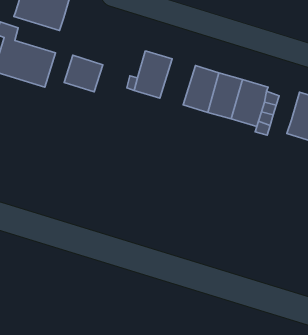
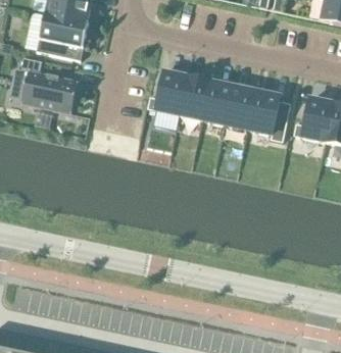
building: [64,55,103,92] -> none
building: none -> [179,77,209,118]

